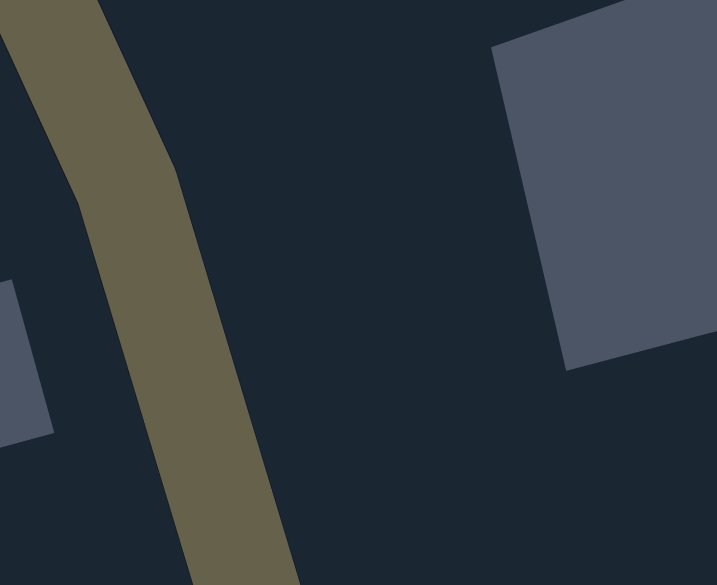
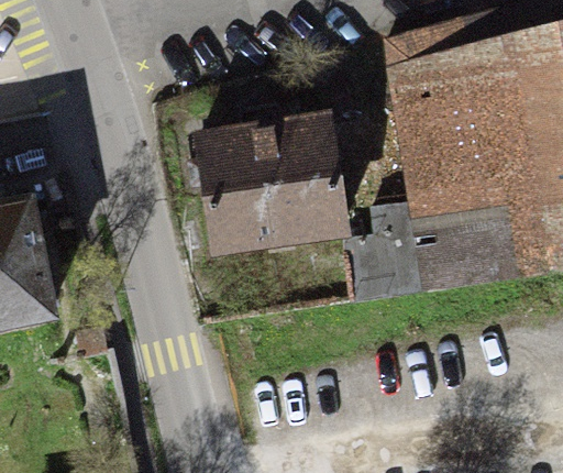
building: none -> [181,121,342,249]
building: none -> [346,211,427,304]

